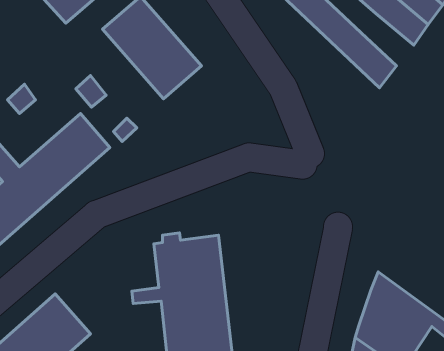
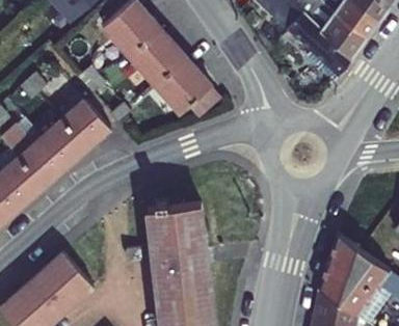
building: none -> [323,13,368,58]
building: none -> [155,58,214,115]

